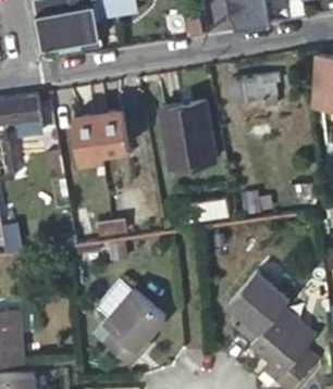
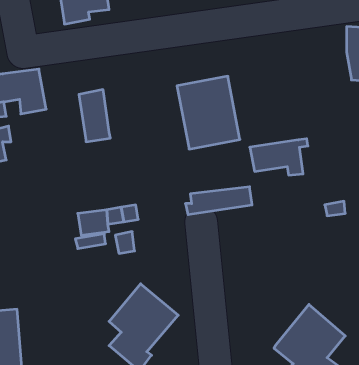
building: [231,73,283,105] -> [250,139,308,175]
building: [96,109,127,151] -> none
building: [225,269,287,341] -> none

